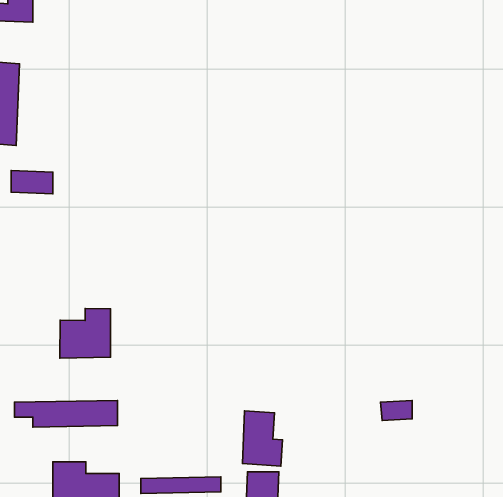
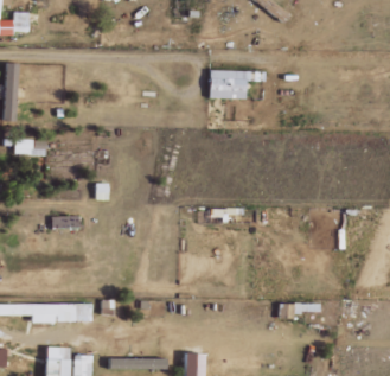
building: none -> [207,70,247,98]
building: [60,309,111,358] -> none
building: [242,411,282,466] -> none

